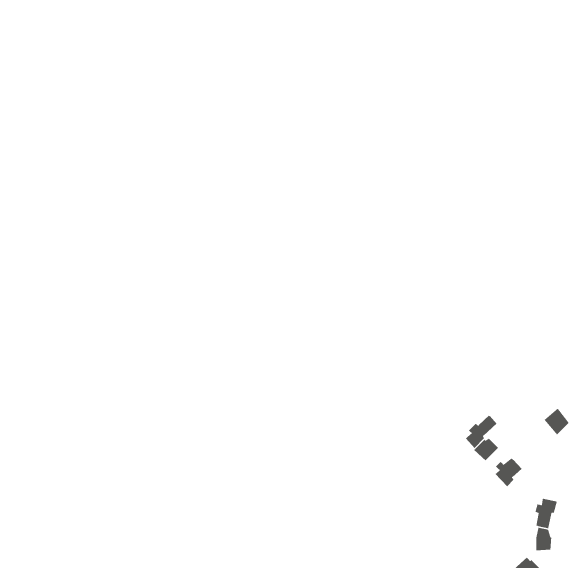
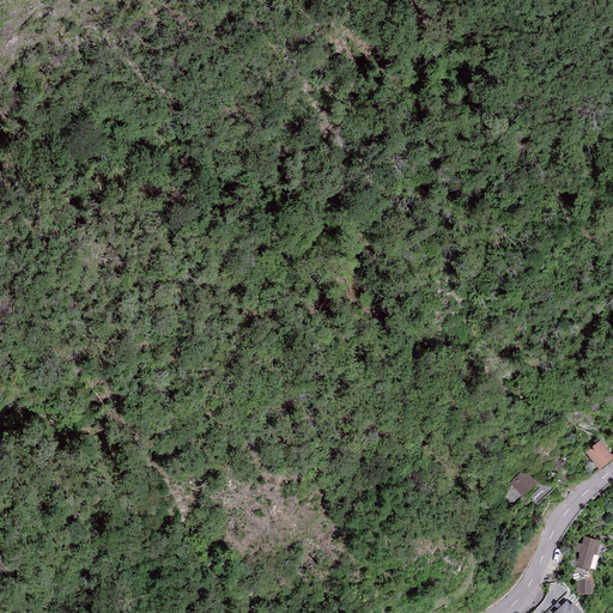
building: [465,415,497,449] -> none
building: [495,457,523,487] -> none

